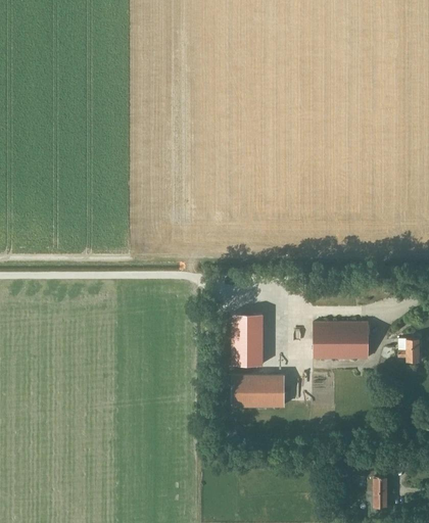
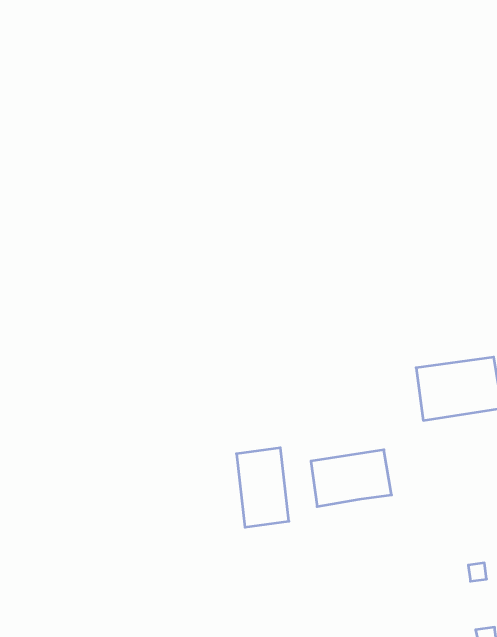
building: [232,314,264,365] -> [236,448,289,527]

